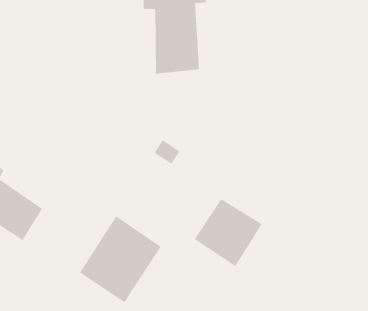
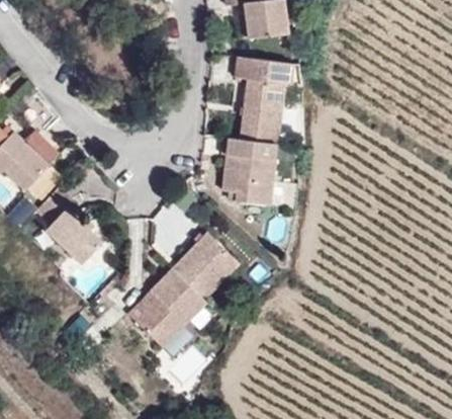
building: none -> [219,136,277,200]
building: [194,198,262,267] -> [173,231,241,299]

